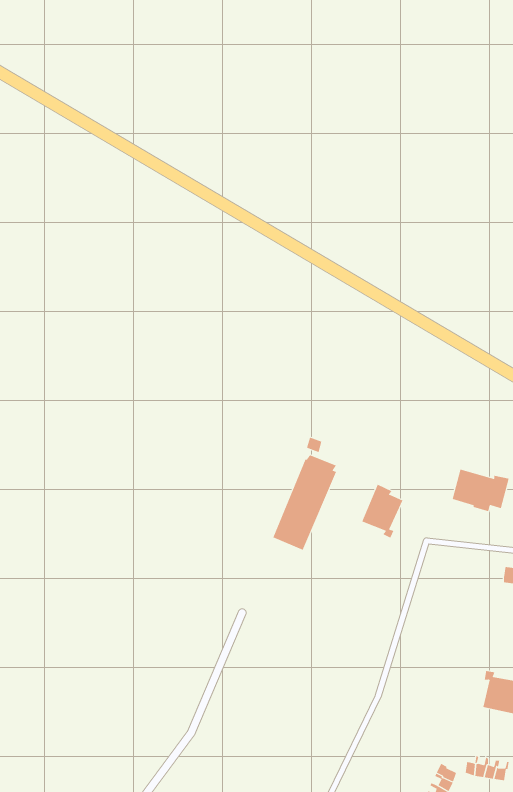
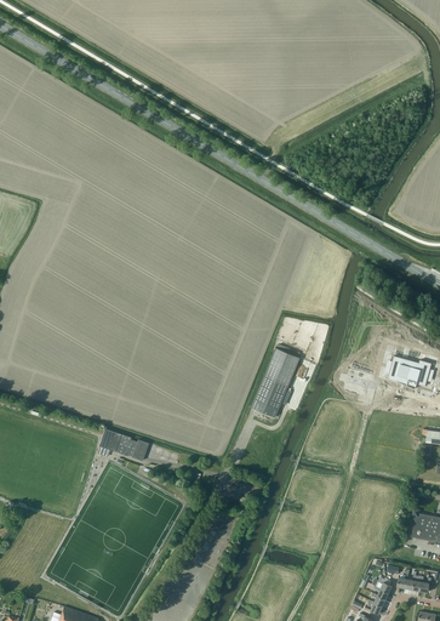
building: [362,484,403,538] -> none
building: none -> [99,428,149,461]

